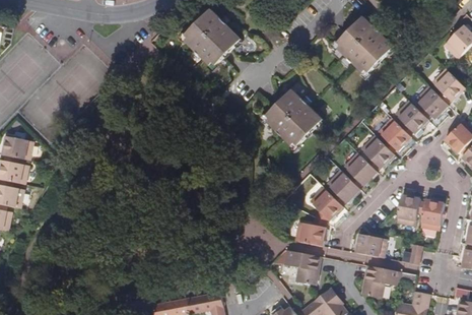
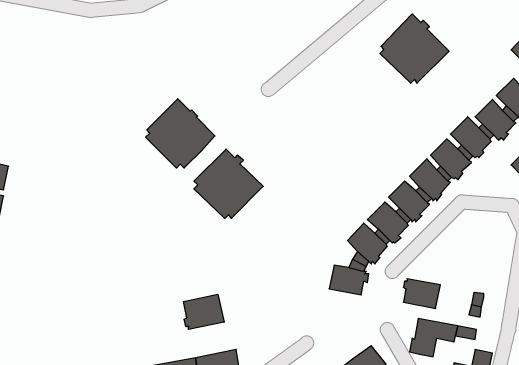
building: [184,8,241,65] -> [146,99,215,168]
building: [266,88,323,145] -> [194,149,263,218]
building: [397,194,420,226] -> none
building: [420,198,446,230] -> none
building: none -> [184,294,224,329]
building: [284,249,320,285] -> none

